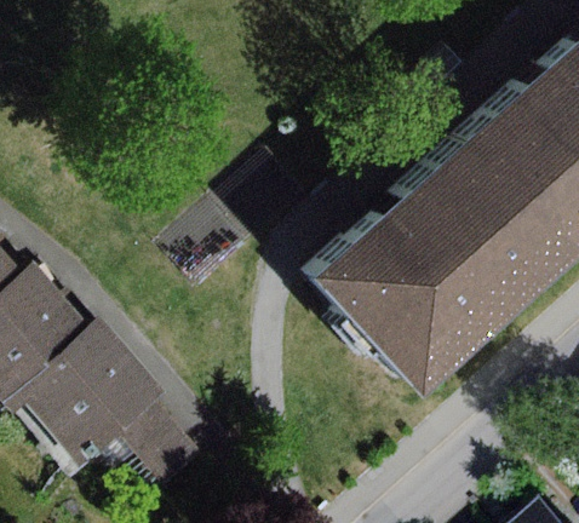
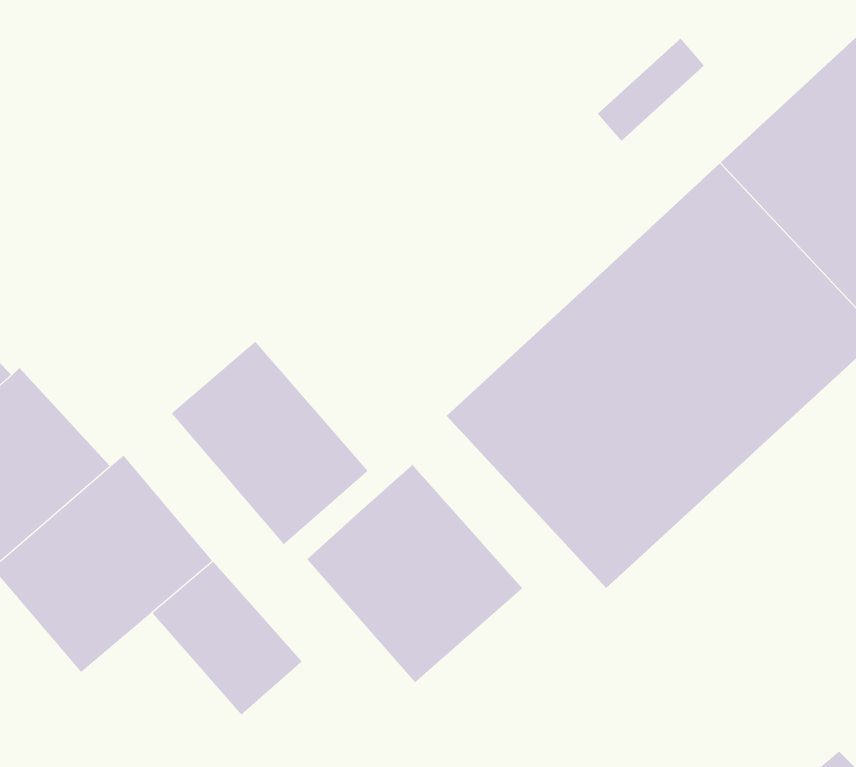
building: none -> [171,341,368,545]
building: none -> [306,464,523,683]

